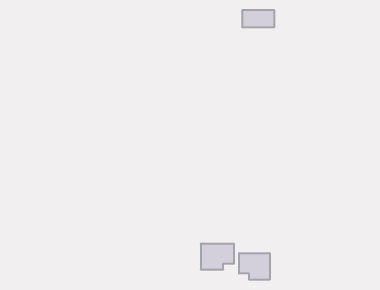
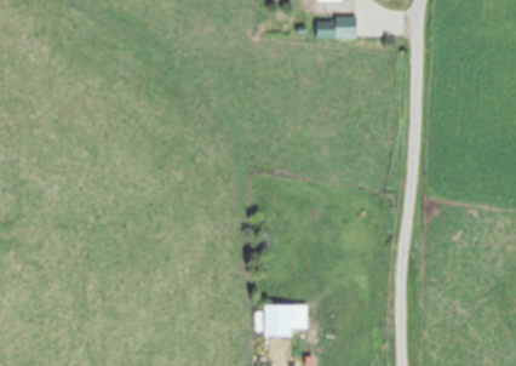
building: [239,253,270,280] -> none

